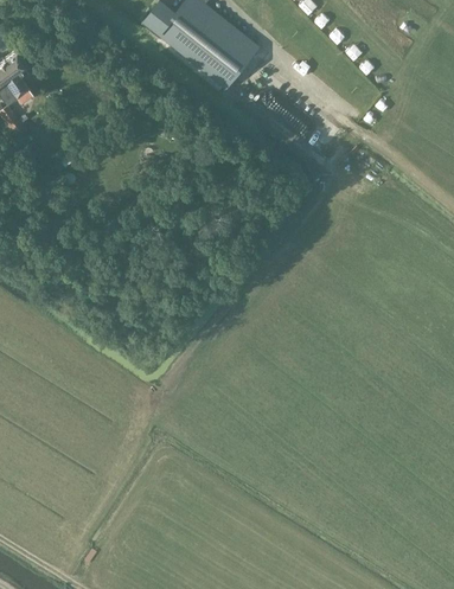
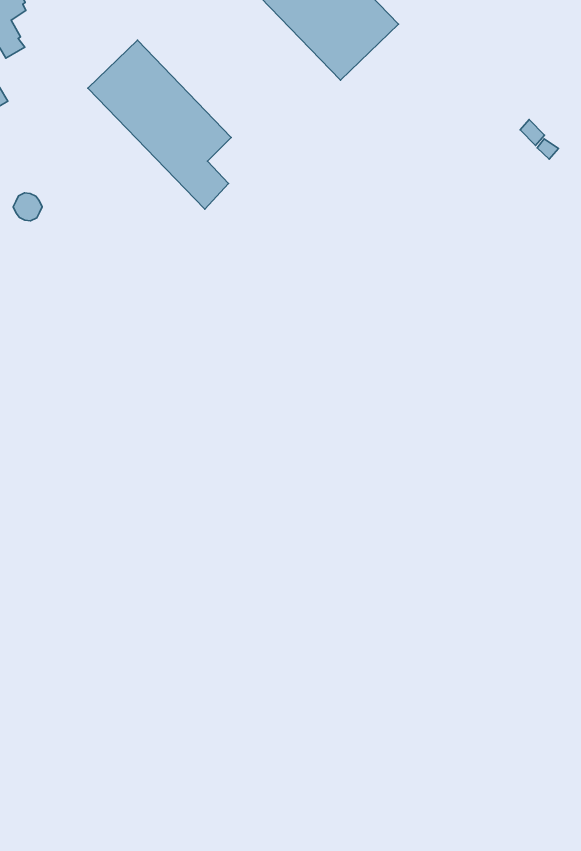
building: none -> [88,40,231,209]

